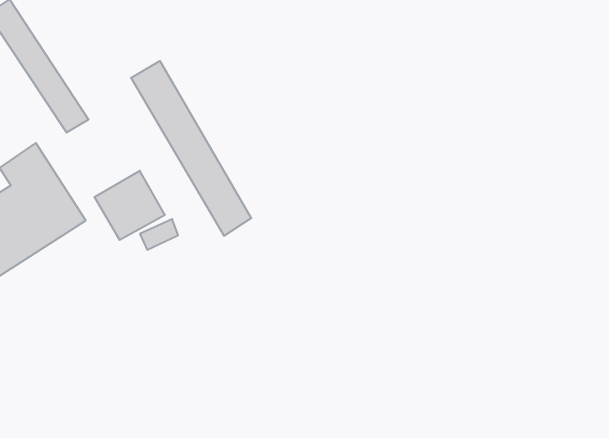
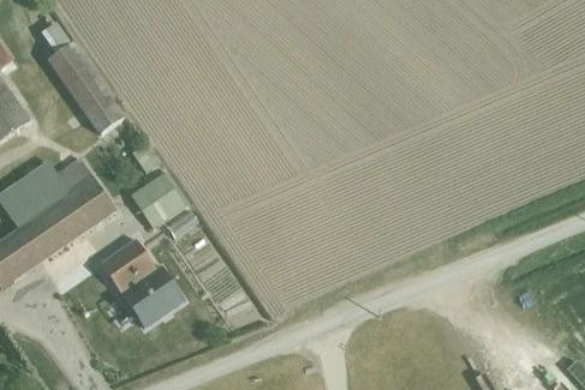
building: [131,61,251,236] -> none
building: none -> [96,247,181,332]

